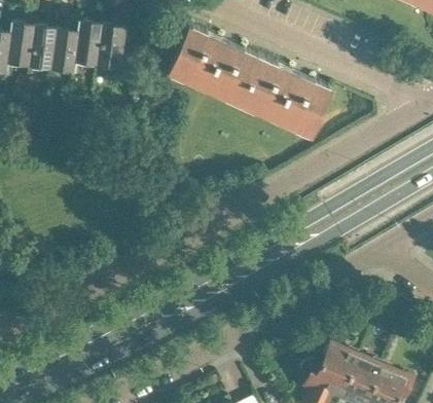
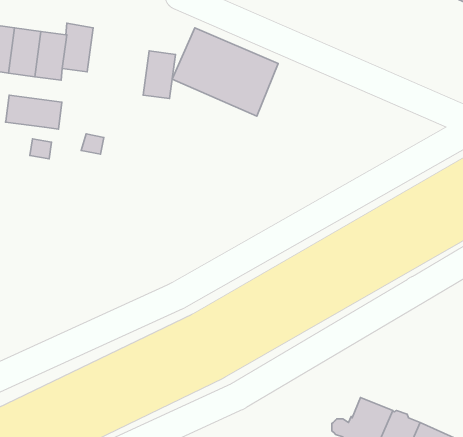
building: [96,27,123,68] -> [143,51,175,99]
building: [242,58,331,135] -> none
building: none -> [6,95,62,129]

